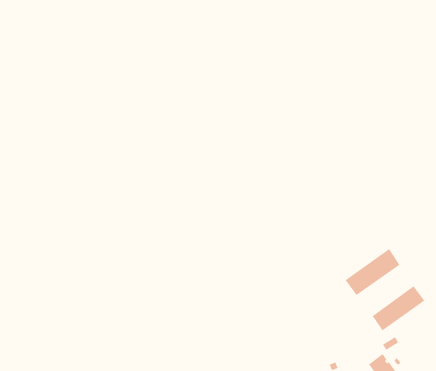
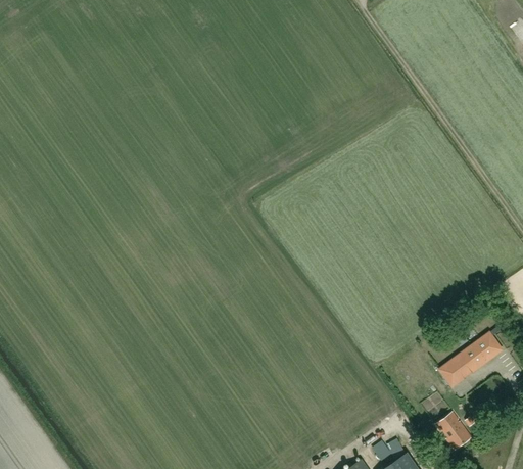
building: [345,248,400,296] -> none

